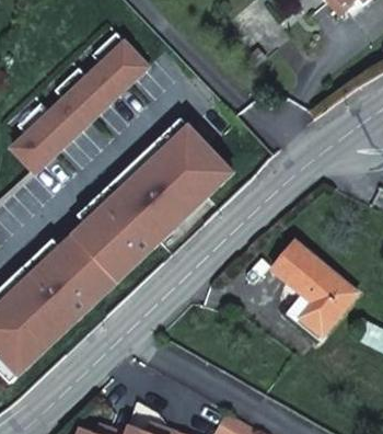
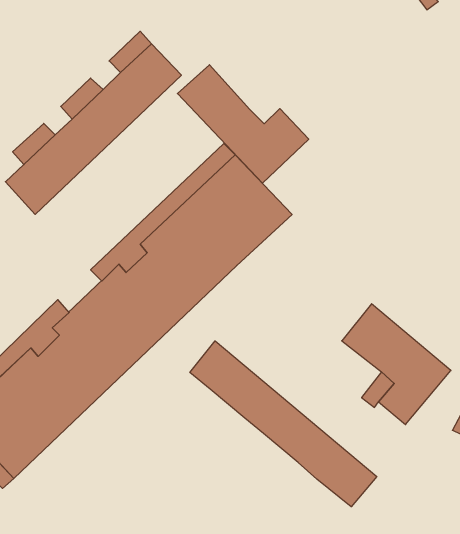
building: none -> [177,65,309,183]
building: none -> [190,341,377,507]

